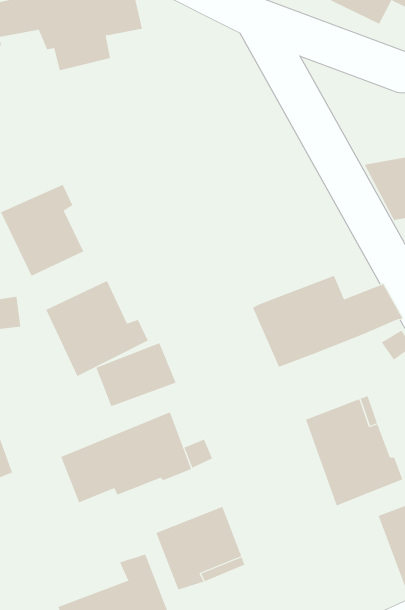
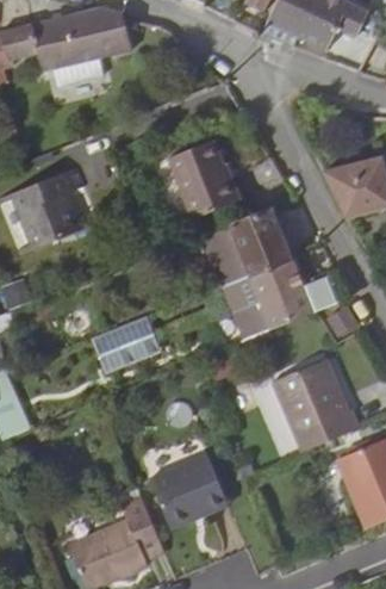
building: none -> [172,136,242,216]
building: none -> [206,206,297,285]
building: [46,280,149,377] -> none
building: [61,412,192,503] -> none

